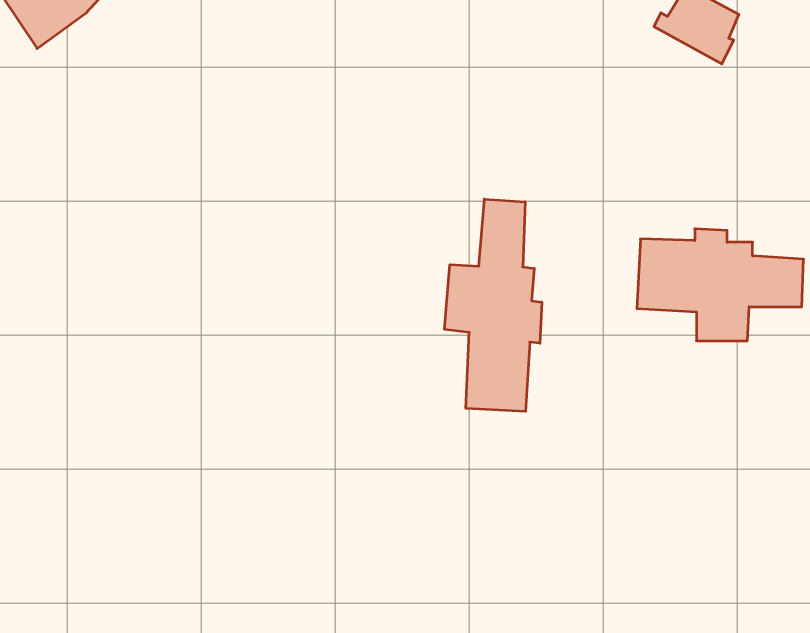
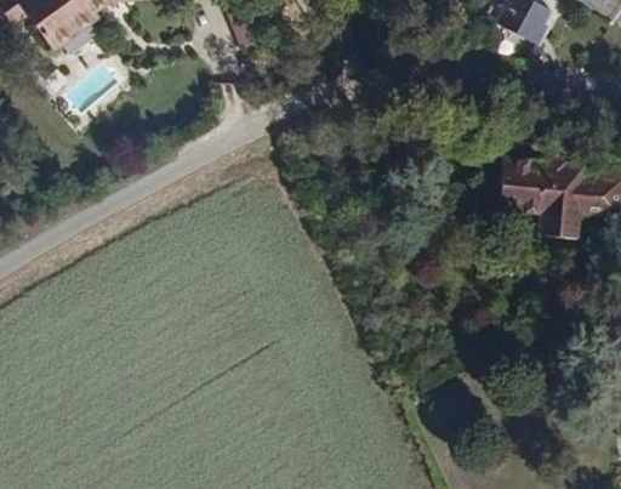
building: [445,199,542,411] -> none

